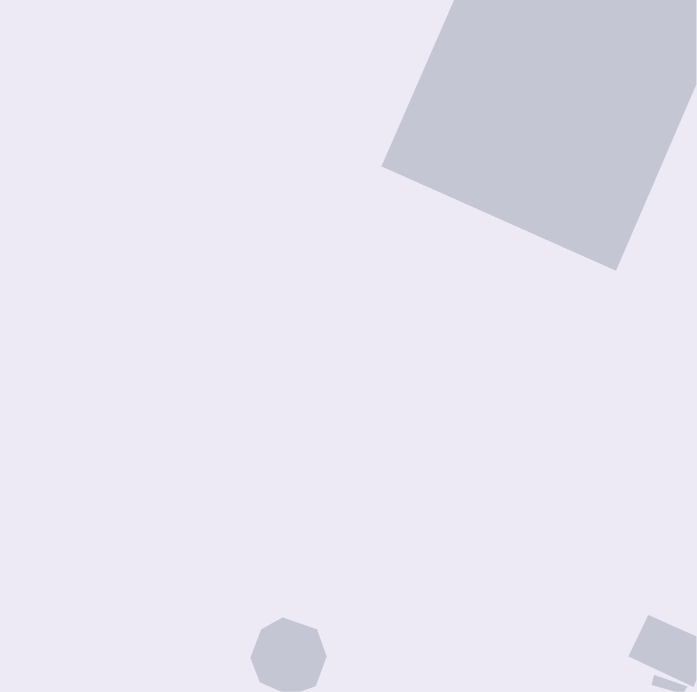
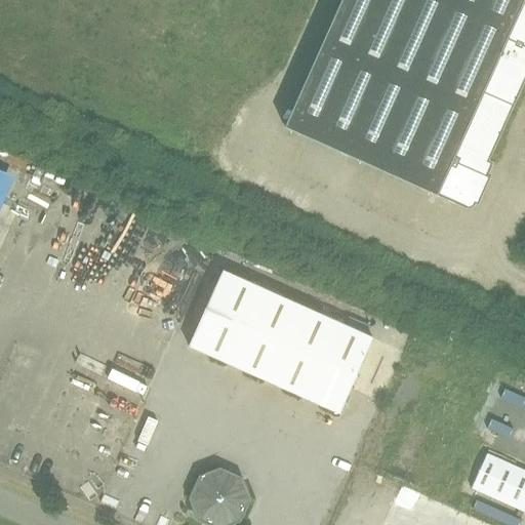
building: none -> [199,277,376,413]

